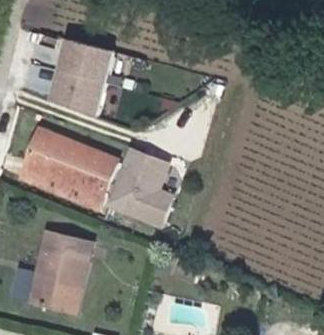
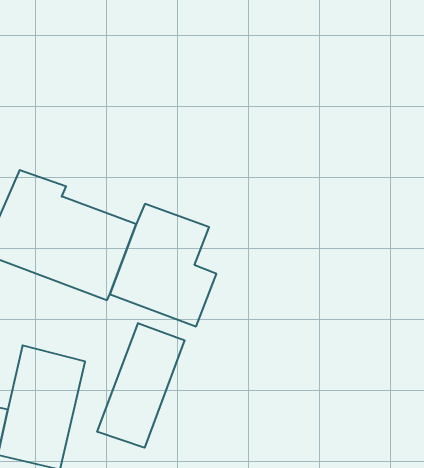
building: [39,37,107,113] -> none
building: none -> [97,323,185,448]

